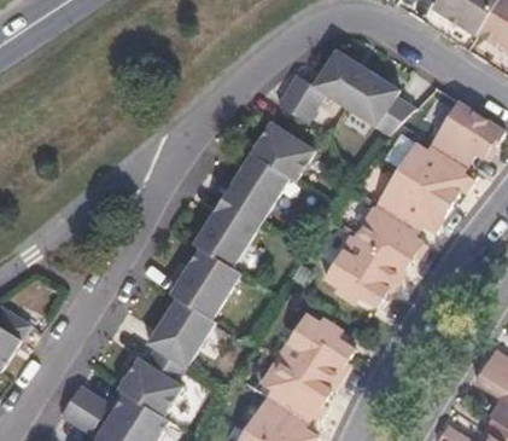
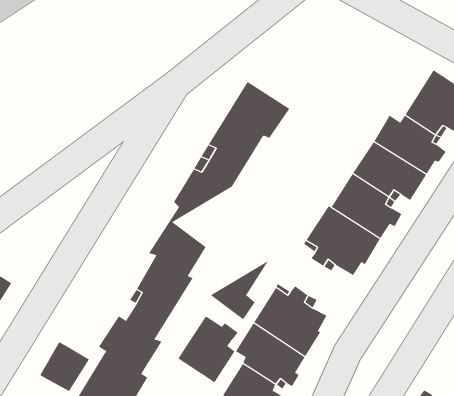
building: [278,45,415,129] -> none
building: [194,225,255,286] -> [210,259,270,320]
building: none -> [177,316,238,383]

